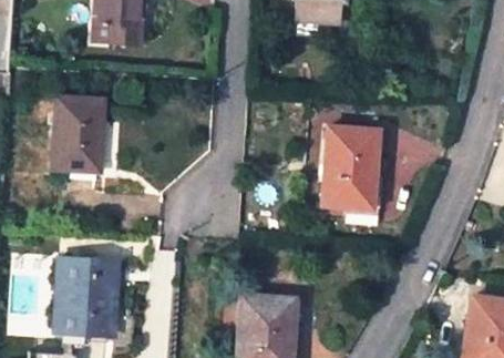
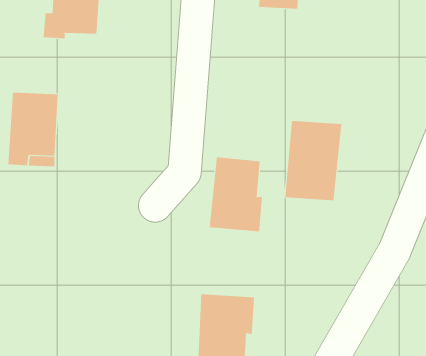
building: none -> [209,156,263,232]
building: [56,258,117,336] -> none

